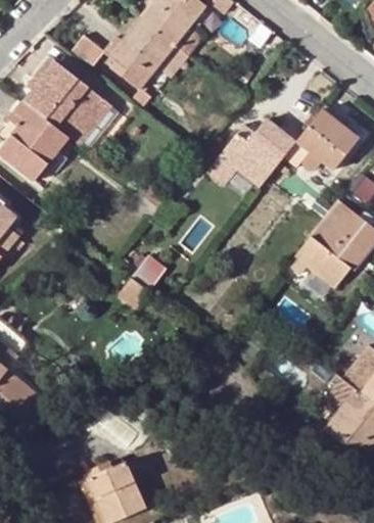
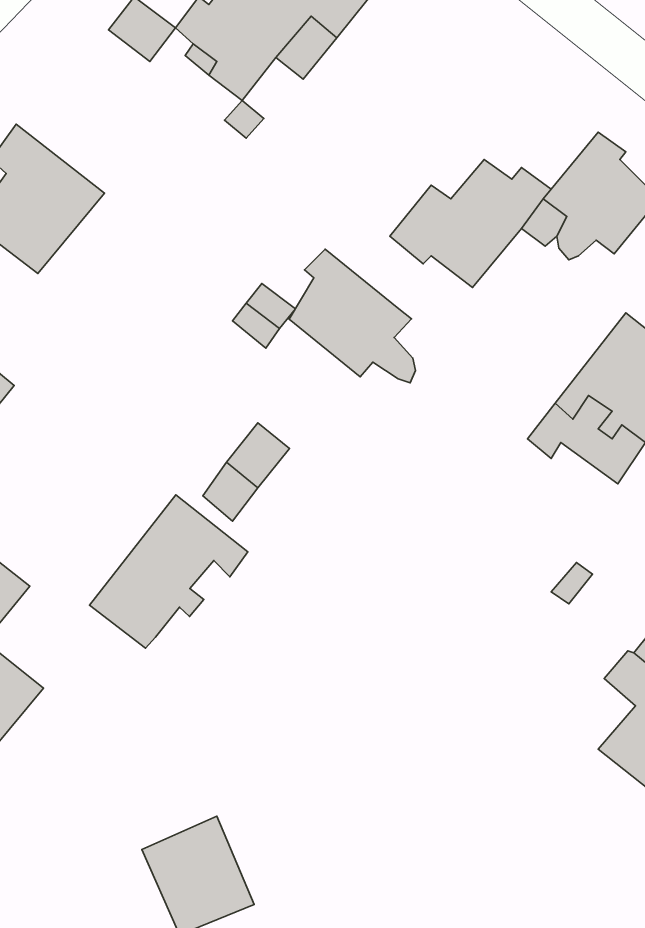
building: [22,61,119,151] -> none
building: none -> [289,249,416,383]
building: none -> [89,495,248,648]

